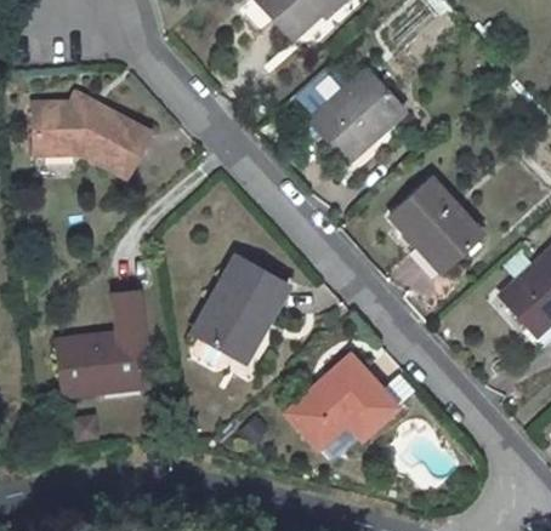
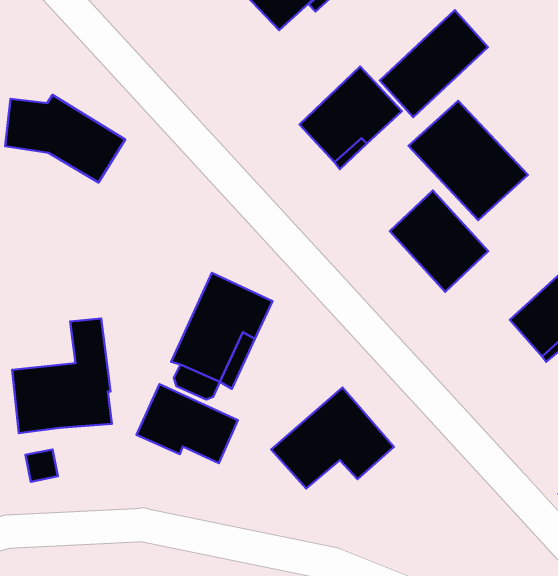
building: none -> [380,10,488,117]
building: none -> [409,101,528,220]
building: none -> [136,384,238,463]

